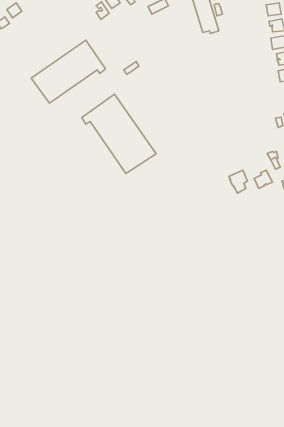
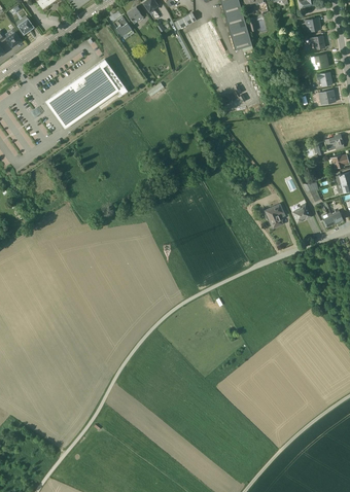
building: [82,94,156,174] -> none

